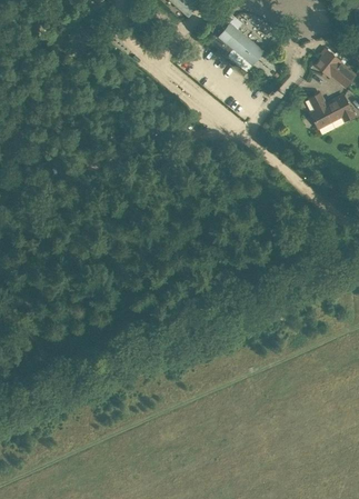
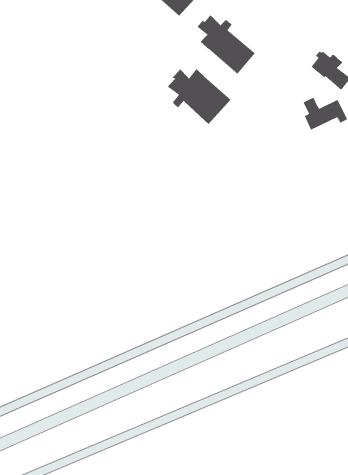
building: none -> [167,68,232,125]

